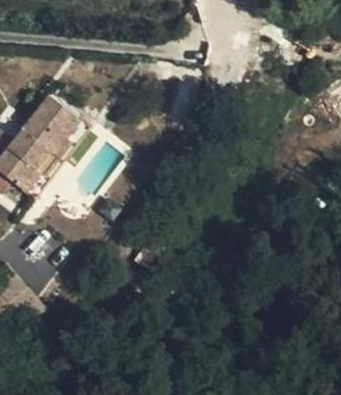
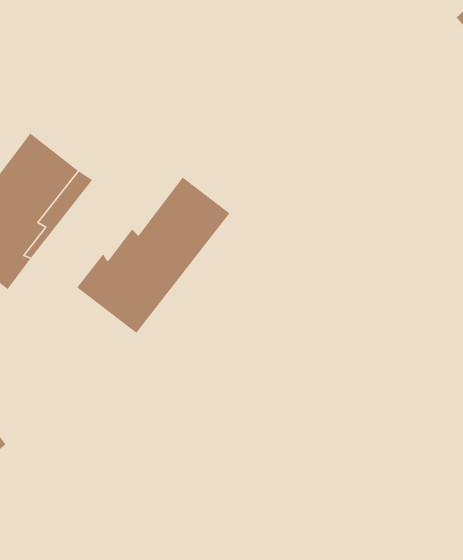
building: none -> [76,176,231,334]

